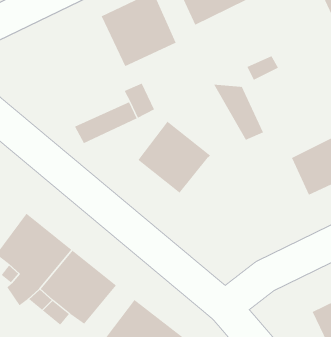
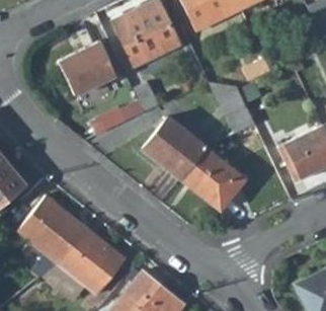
building: none -> [60,44,115,95]
building: none -> [182,147,245,209]

